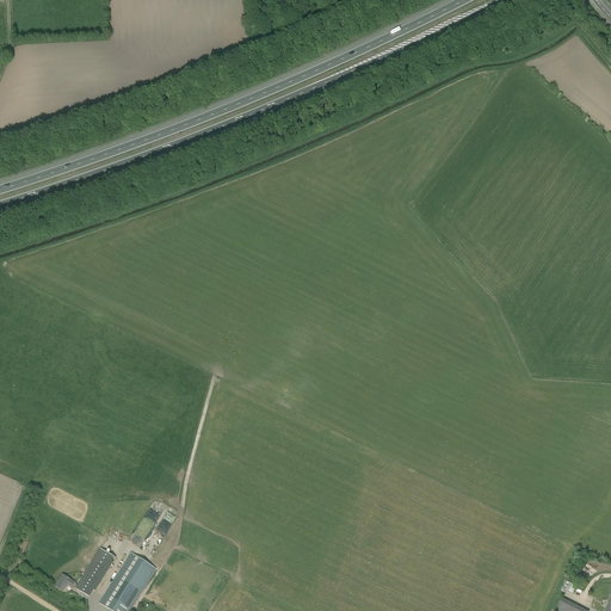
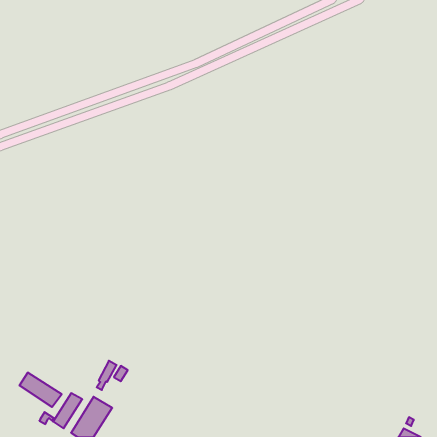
building: none -> [20,372,62,407]

